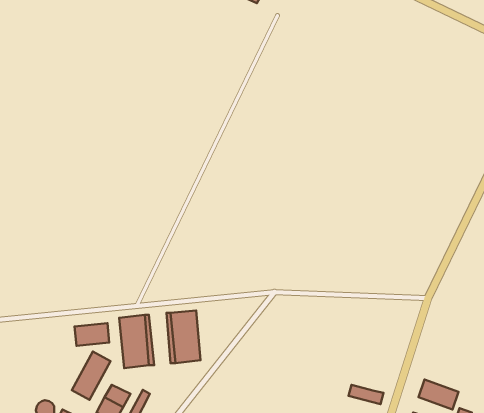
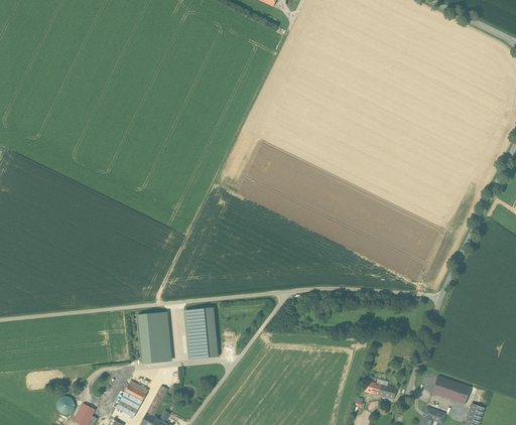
building: [75,323,109,346] -> none
building: [72,351,110,400] -> none

